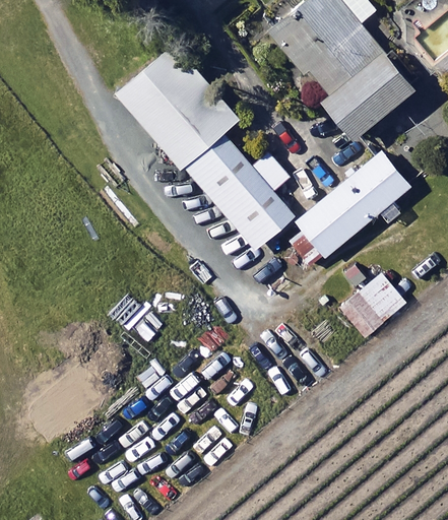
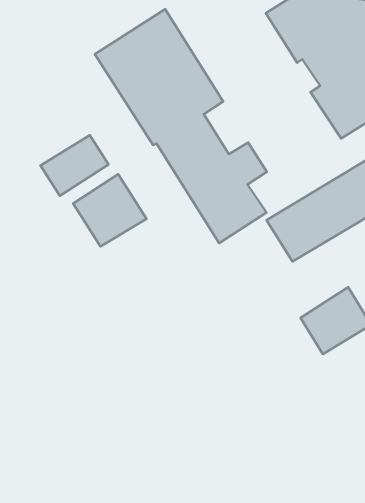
building: none -> [41,135,109,196]
building: none -> [73,174,146,246]

